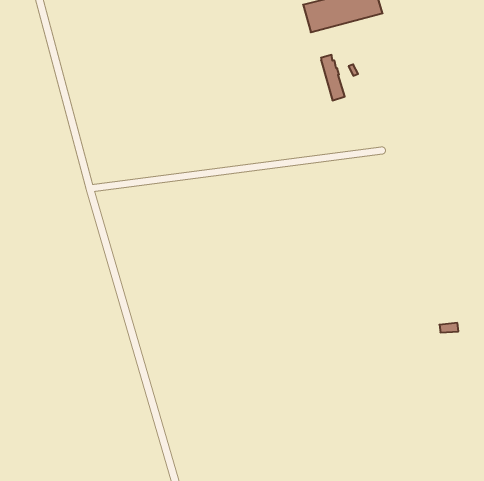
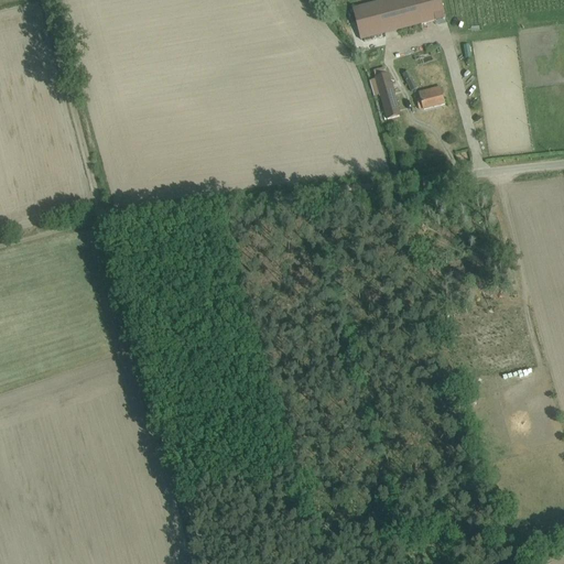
building: none -> [416,85,445,107]

